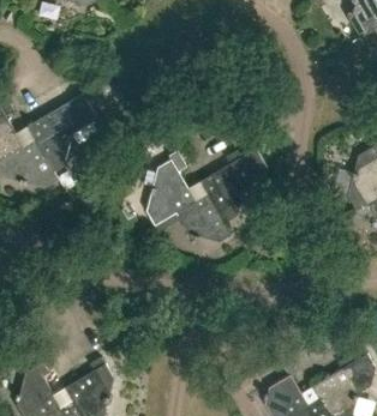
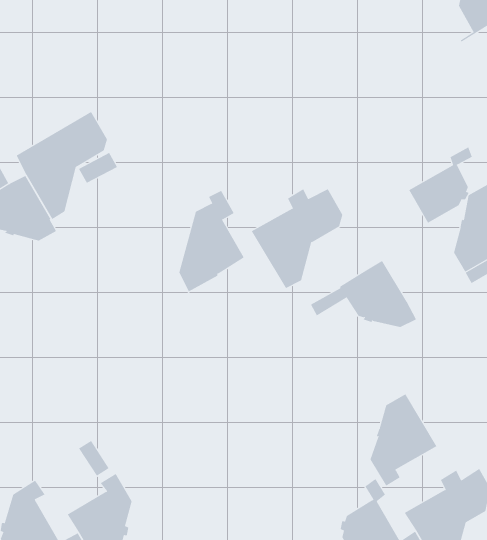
building: none -> [408,147,473,224]
building: [154,192,232,241] -> [310,260,417,328]
building: none -> [370,393,437,486]

